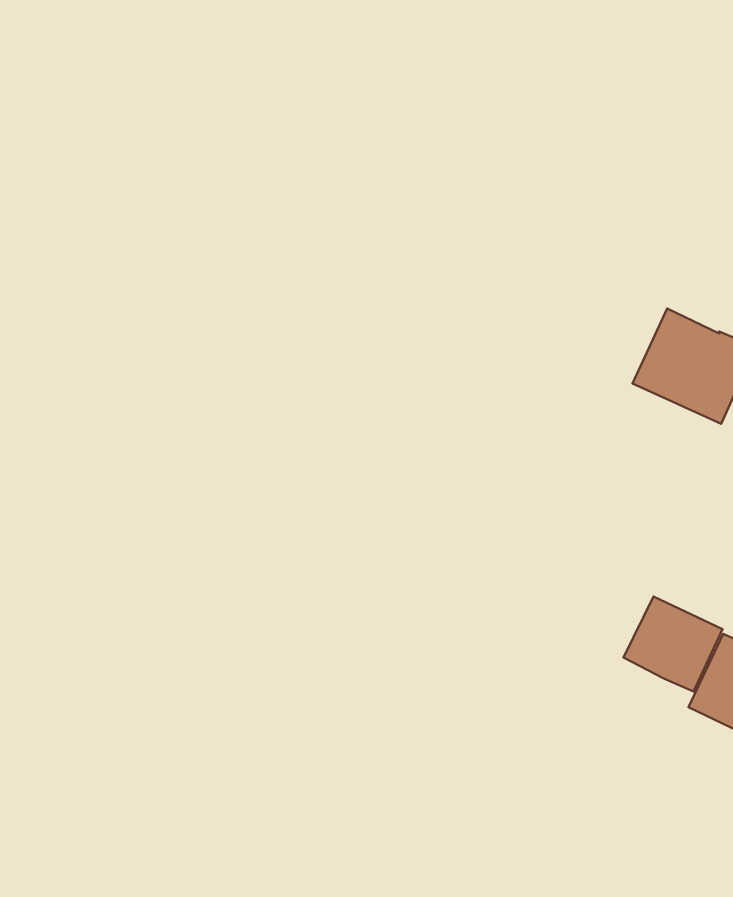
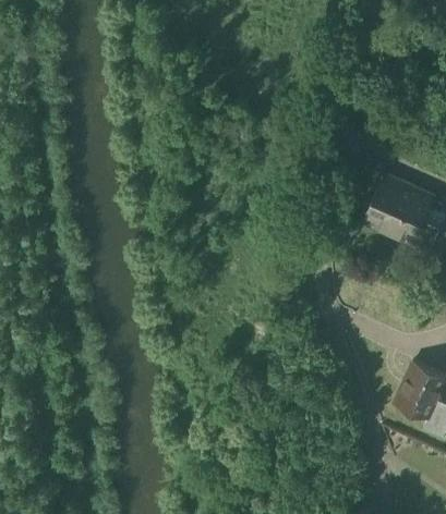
building: [623,596,722,692] -> none

